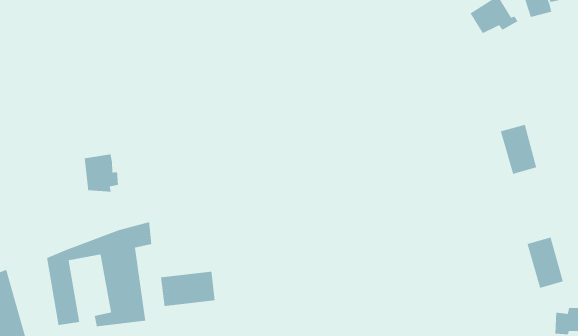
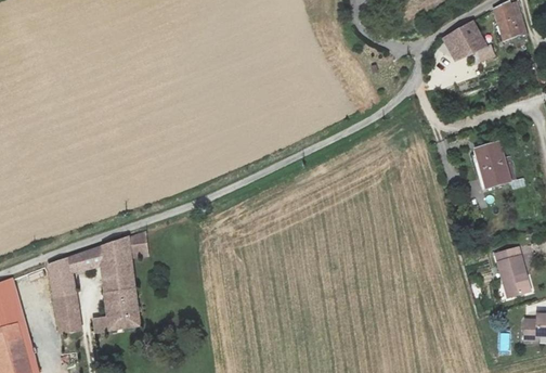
building: [84,154,119,192] -> none
building: [160,271,216,307] -> none

